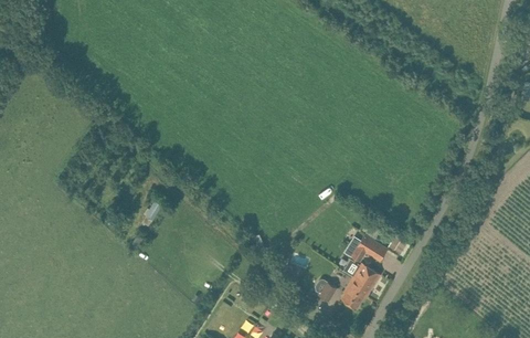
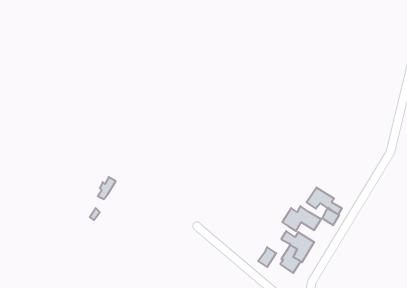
building: none -> [307,187,342,214]

